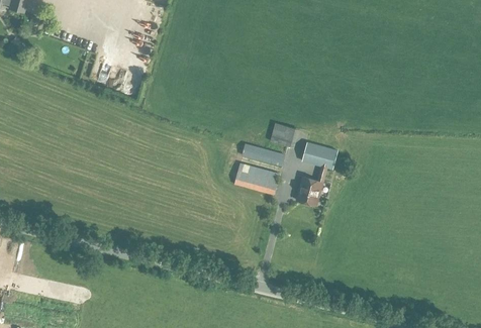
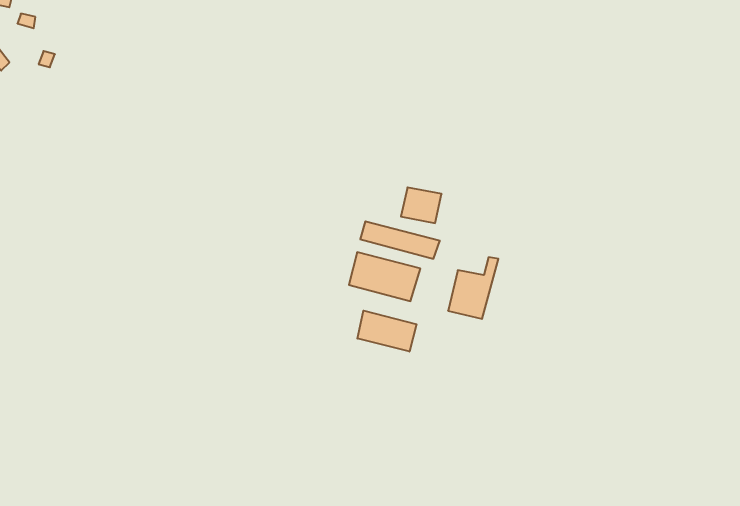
building: [302,141,339,170] -> none
building: none -> [357,311,417,352]

